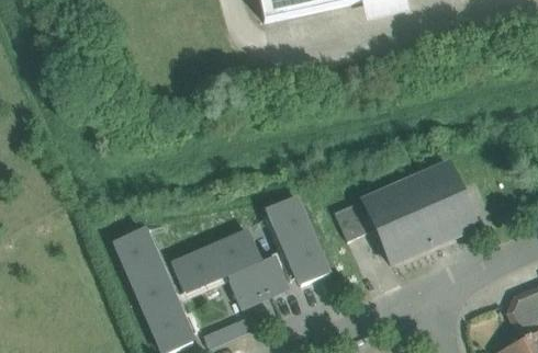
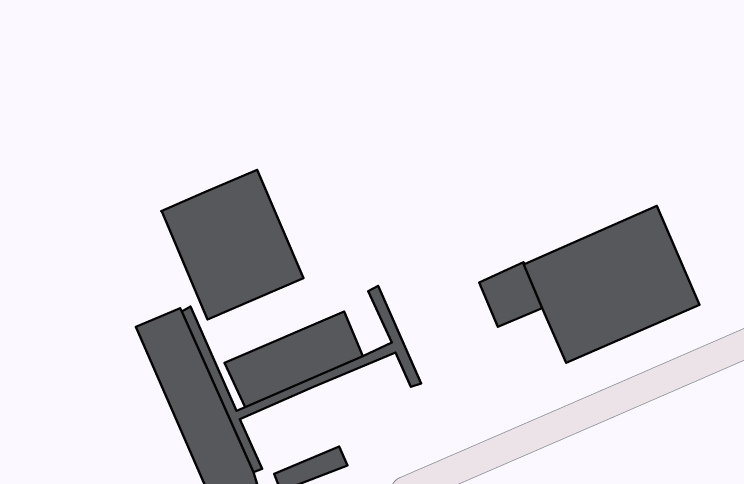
building: none -> [161,170,303,320]
building: [267,194,328,283] -> none
building: [228,258,288,306] -> none

